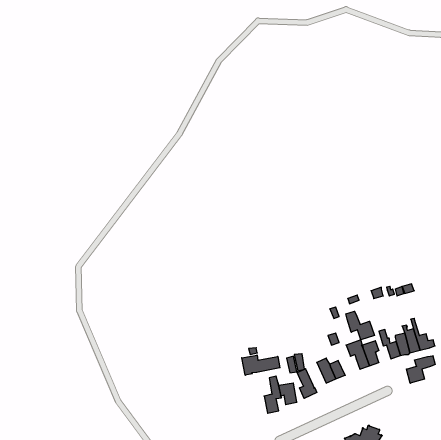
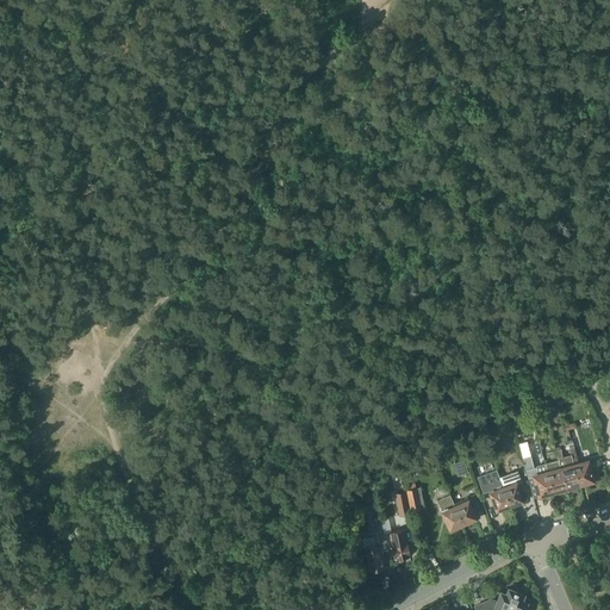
building: [346,311,375,340] -> none
building: [242,355,280,375] -> none
building: [406,356,435,383] -> none
building: [297,369,317,398] -> none

